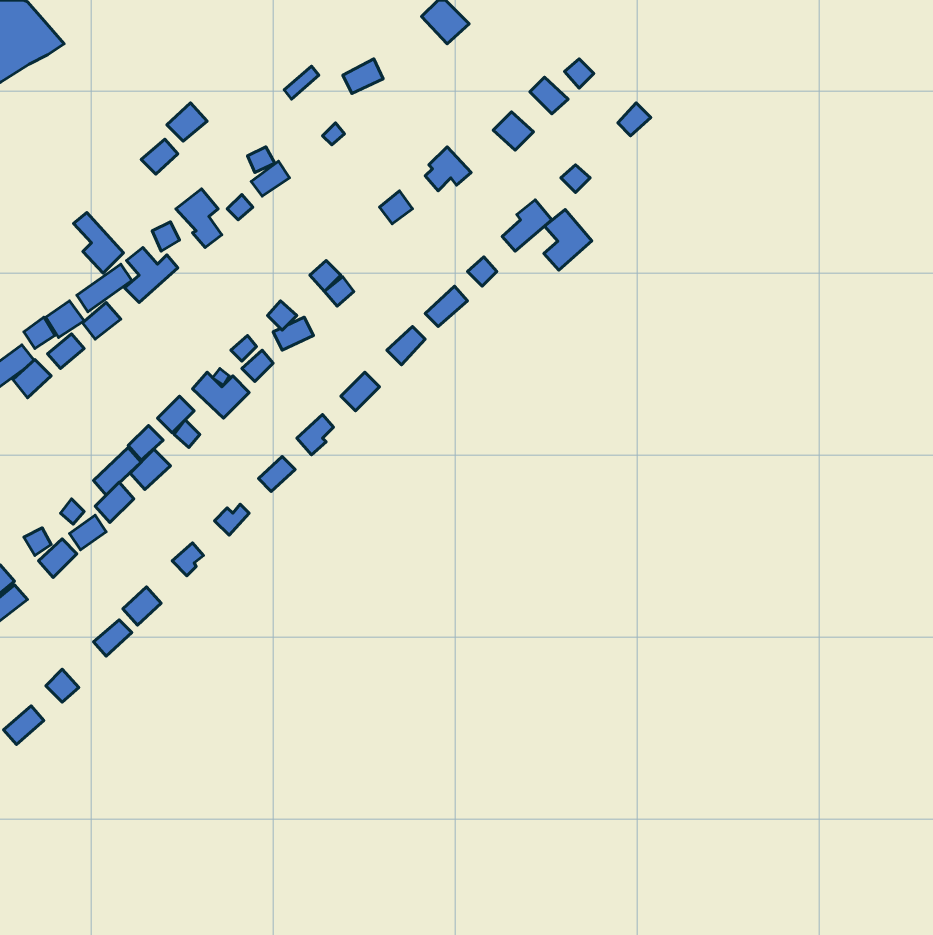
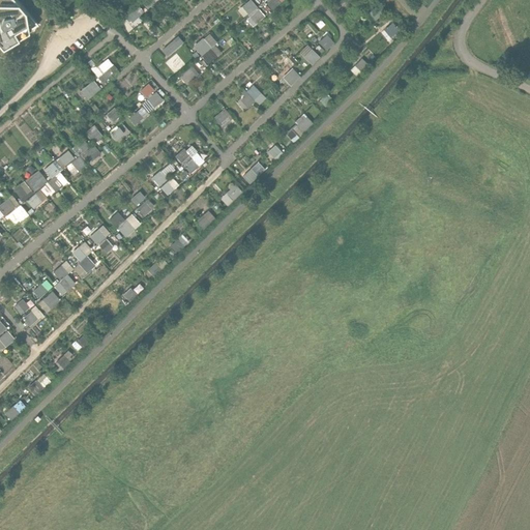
building: [544,209,592,270] -> none
building: [73,212,123,273] -> none

